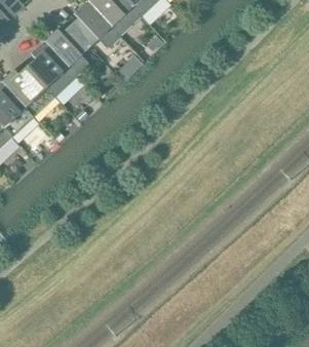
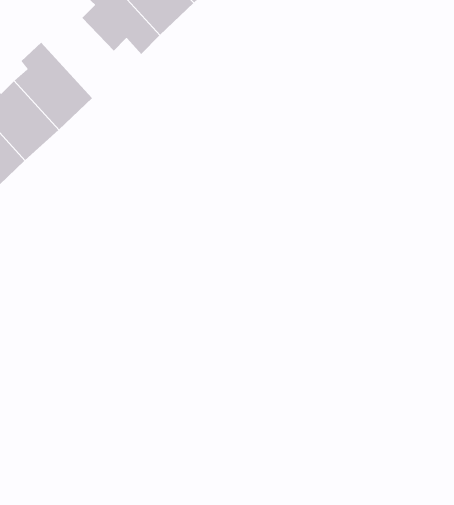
building: [43,27,89,78] -> none

